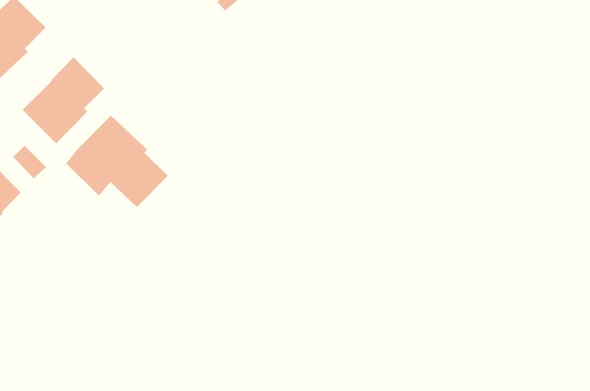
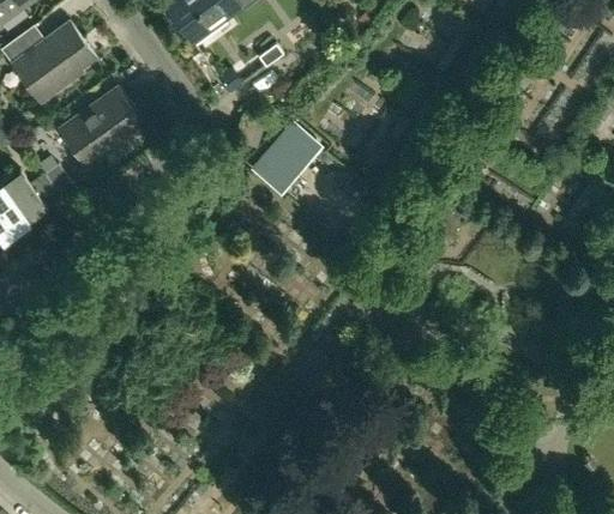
building: none -> [251,120,324,195]
building: [65,115,169,208] -> none

